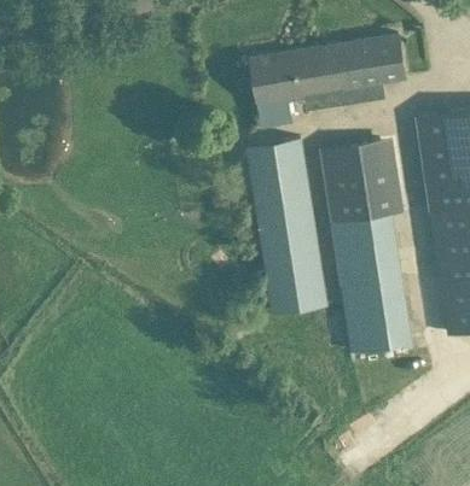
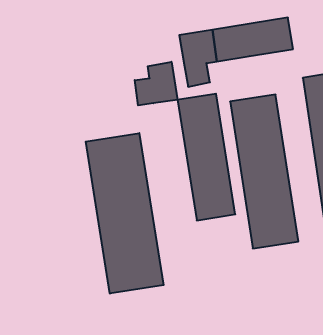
building: none -> [135,62,177,105]
building: none -> [86,133,164,294]

